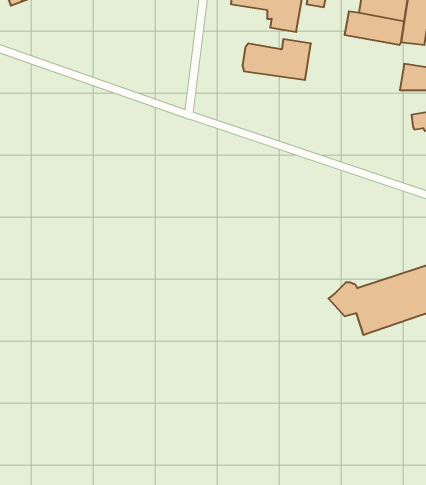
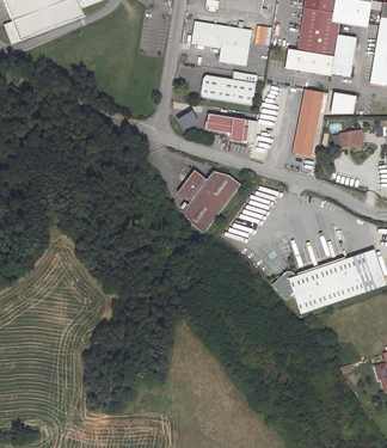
building: none -> [294,88,324,155]
building: none -> [207,112,248,141]
building: none -> [178,168,241,233]

